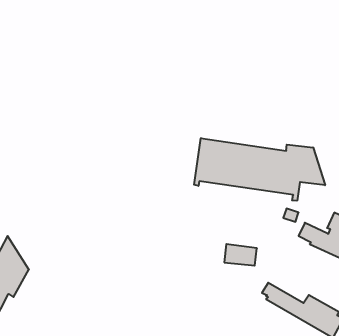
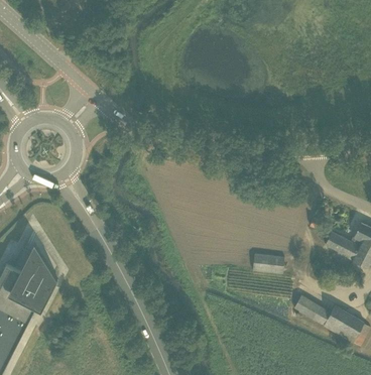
building: [194,138,325,201] -> none

